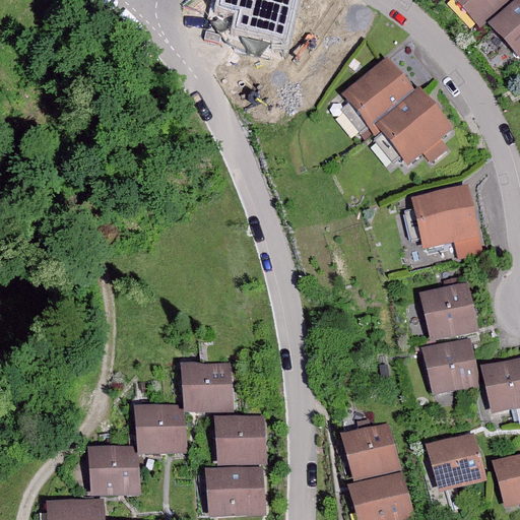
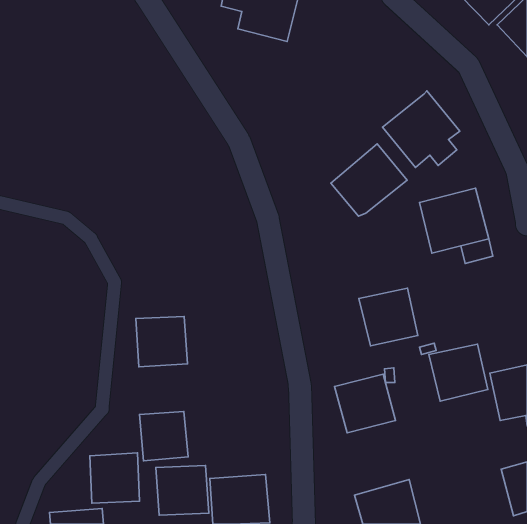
building: [341,57,416,128] -> [331,144,407,216]
building: [419,283,477,340] -> [359,288,418,346]
building: [182,363,233,412] -> [136,316,187,367]
building: [215,415,267,464] -> [156,465,209,515]
building: [341,422,401,480] -> [335,374,396,433]
building: [426,434,485,493] -> none

